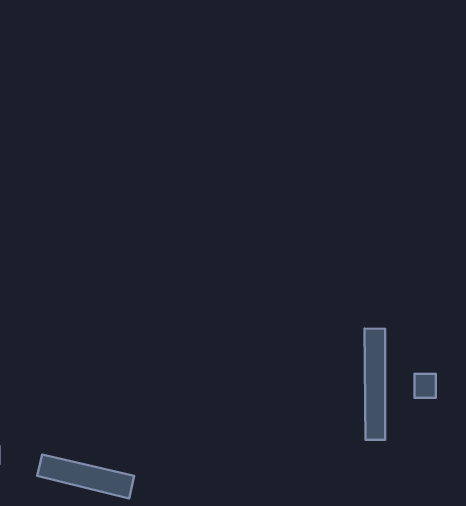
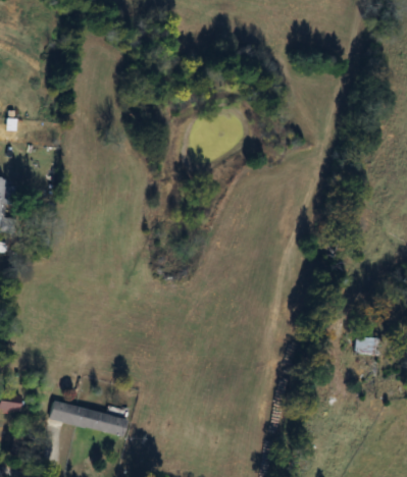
building: [364,328,385,440] -> none

